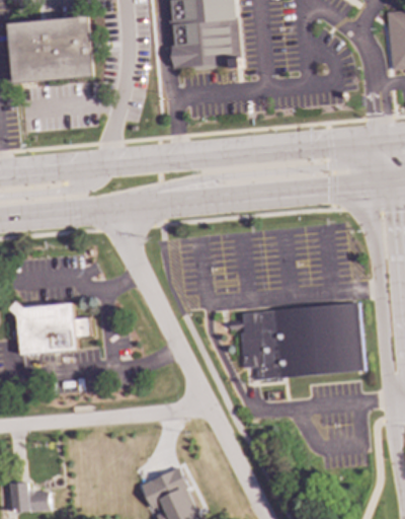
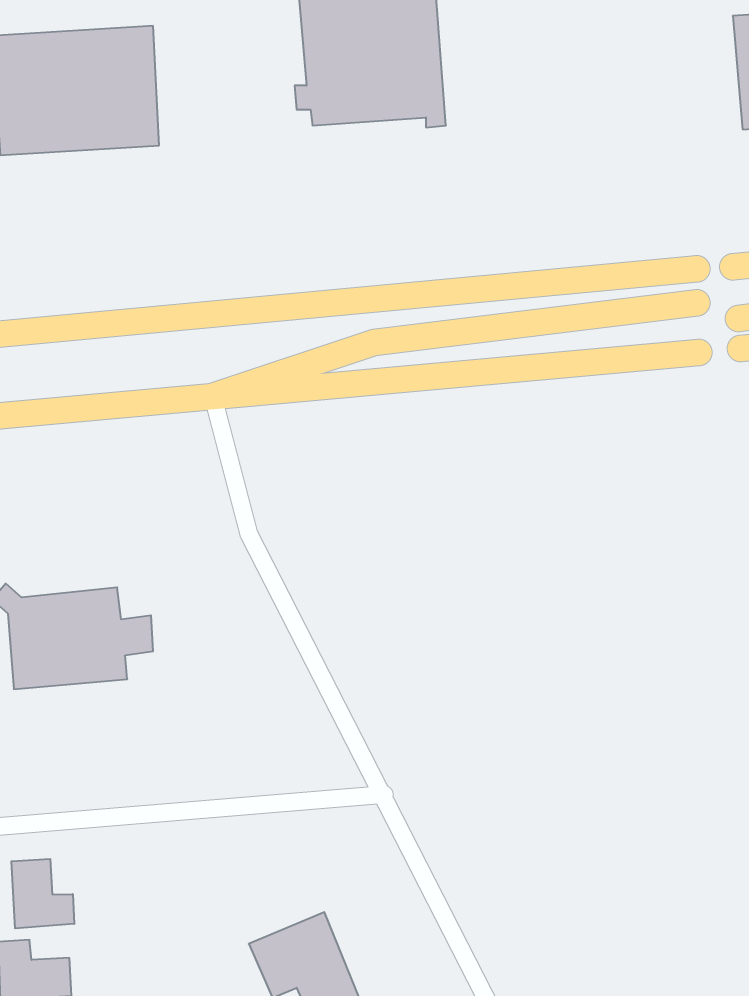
building: [228,302,363,380] -> none
building: none -> [11,859,74,928]

